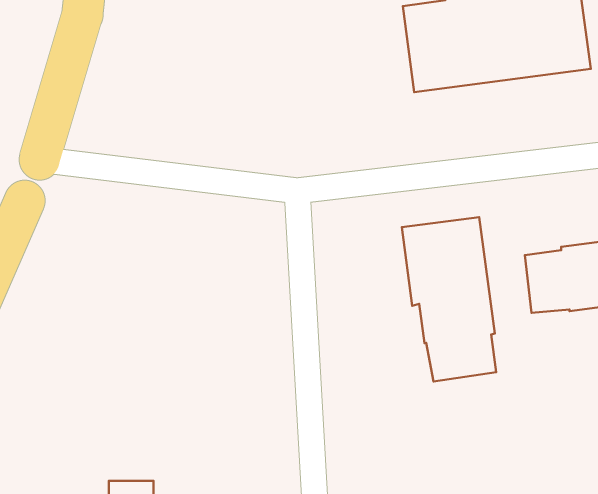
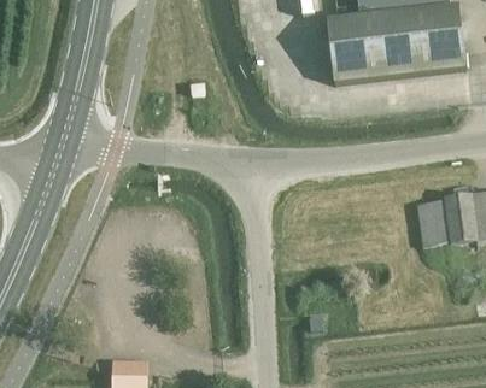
building: [402,217,496,382] -> none

